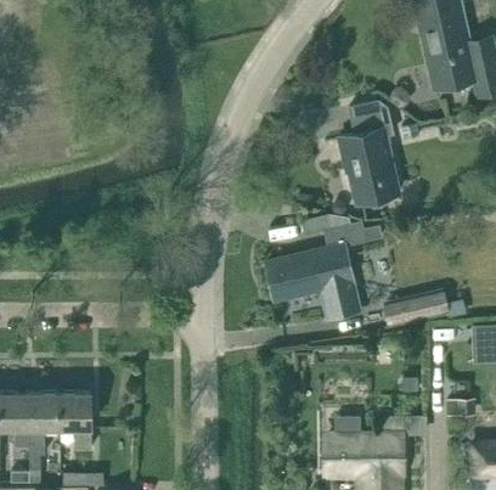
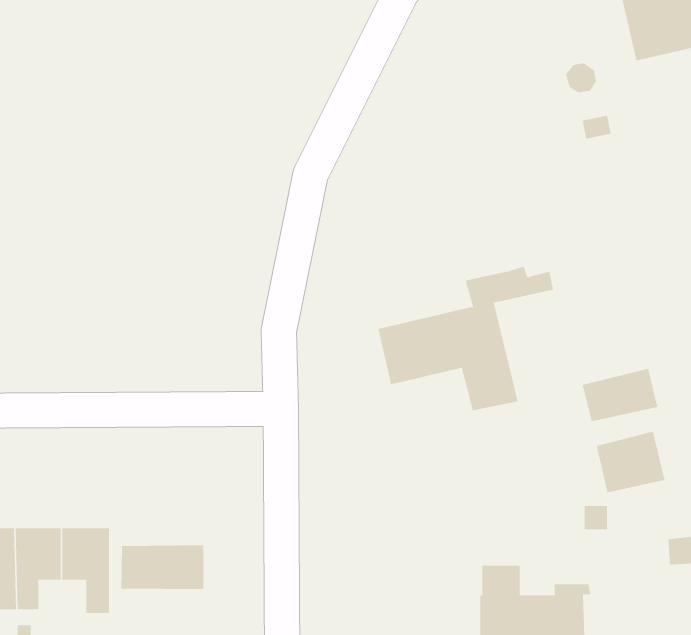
building: [339,101,399,203] -> none
building: none -> [596,431,665,493]
building: none -> [121,544,204,590]

